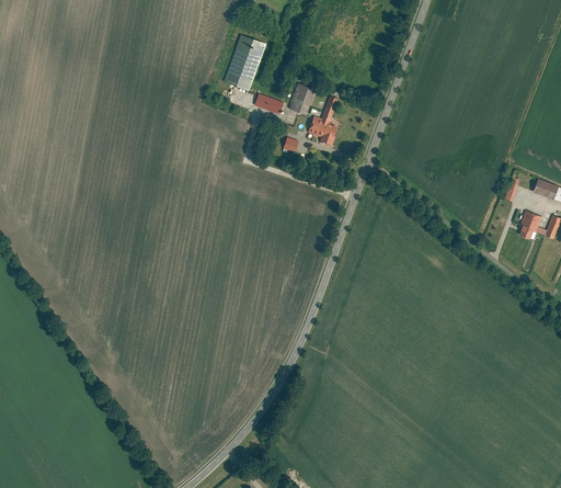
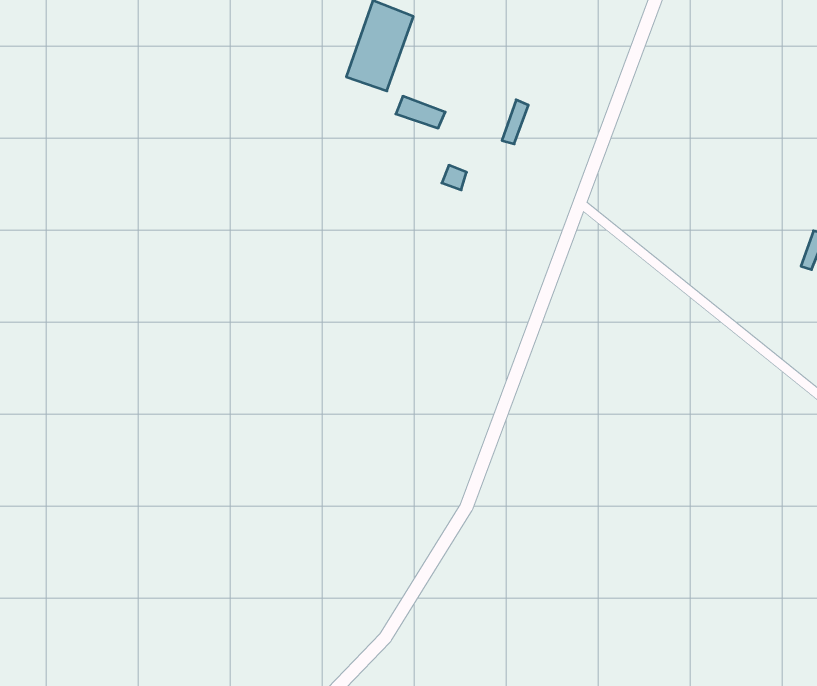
building: [290,82,317,114] -> none
building: [308,115,337,145] -> none

